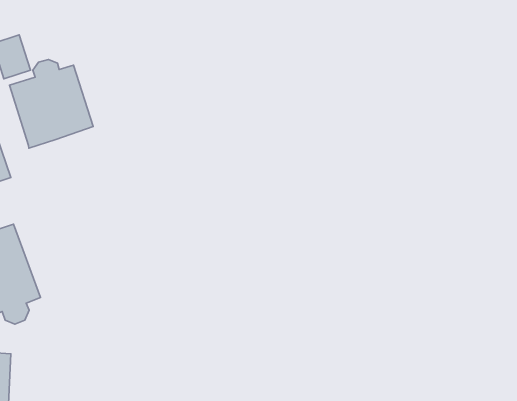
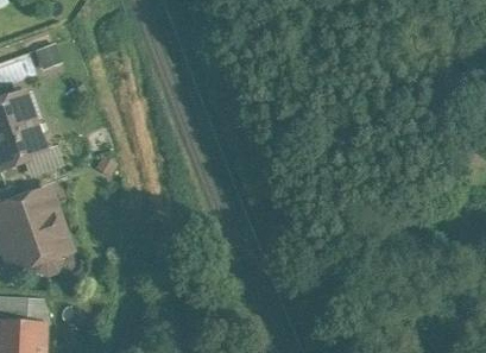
building: [9,59,93,148] -> none

